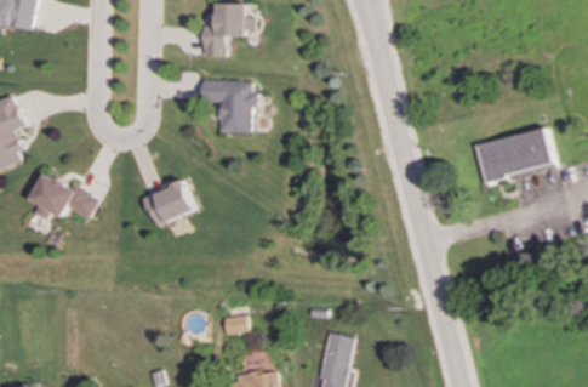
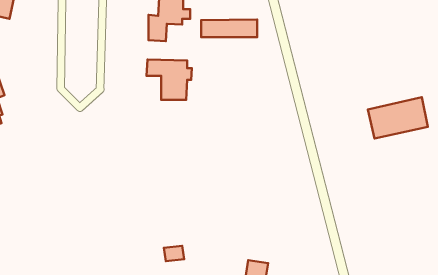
building: none -> [201,19,257,37]
building: [27,172,96,220] -> none
building: [139,181,193,228] -> none

